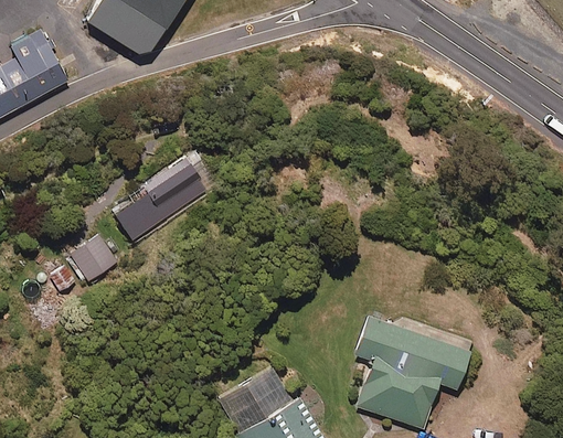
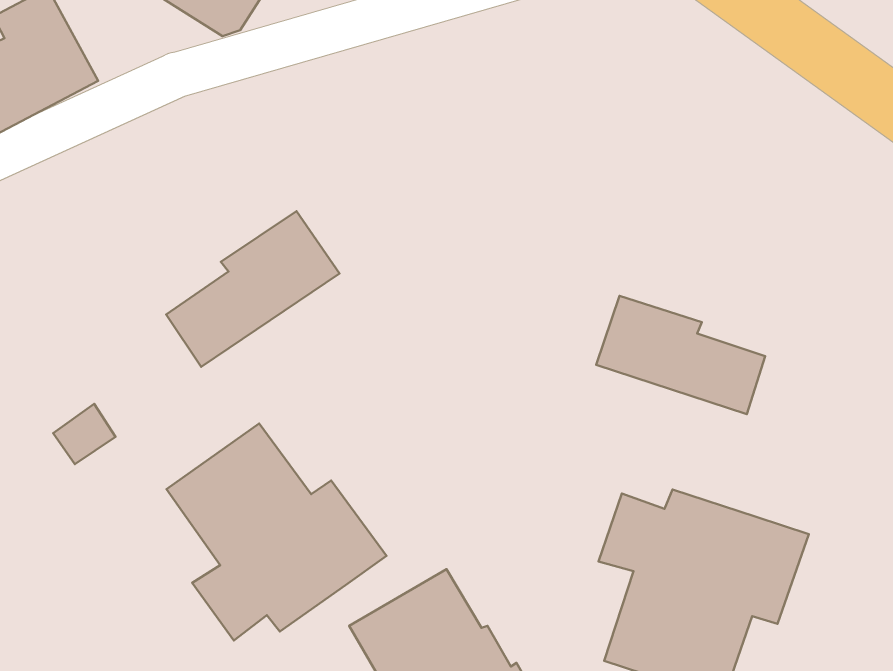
building: none -> [596,296,765,414]
building: [70,235,118,282] -> none
building: none -> [167,424,386,640]

